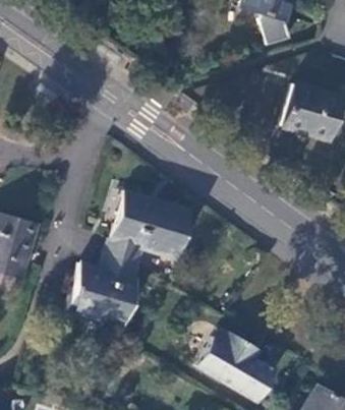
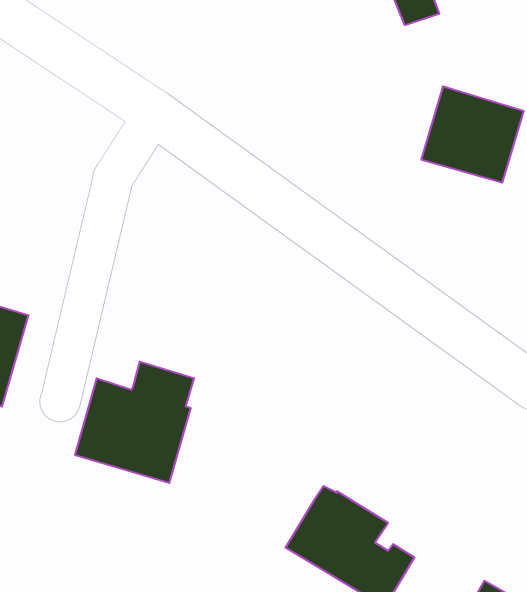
building: [106,190,191,261] -> none

